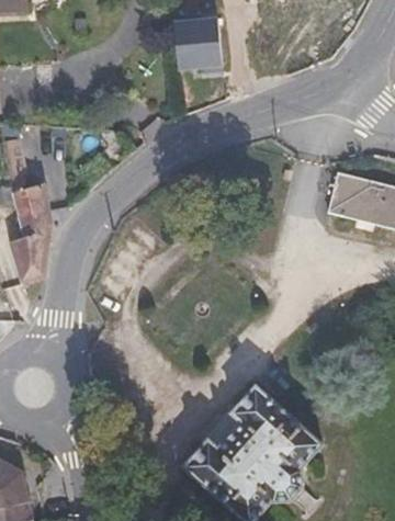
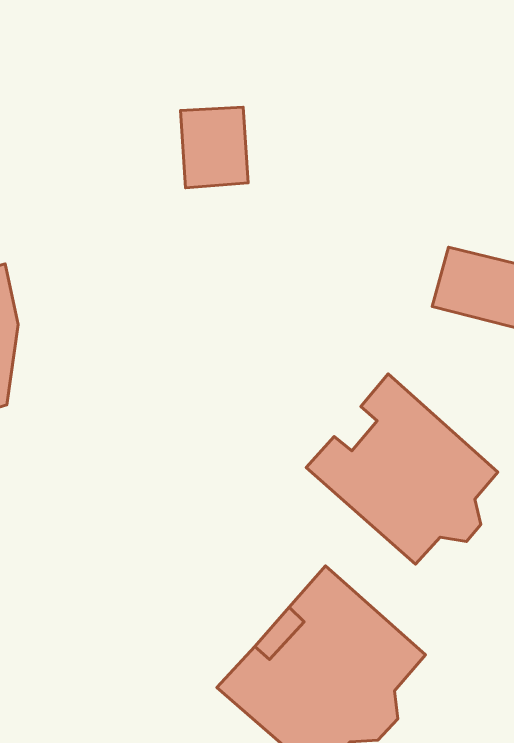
building: [174,18,219,71] -> [181,107,248,188]
building: none -> [306,374,498,564]

